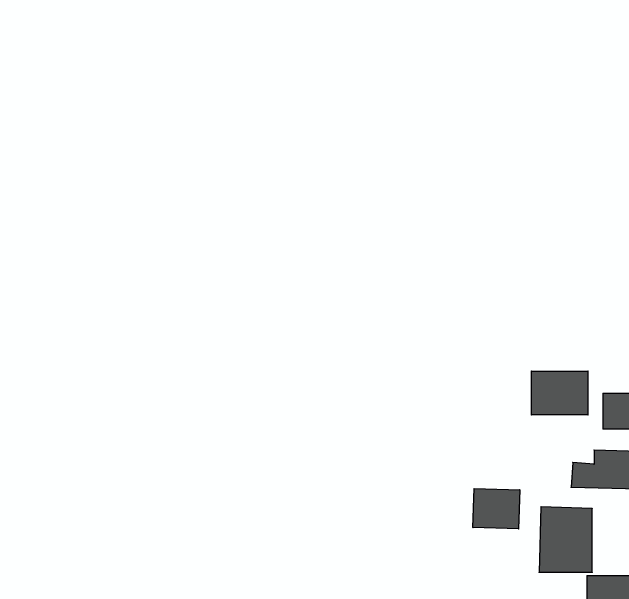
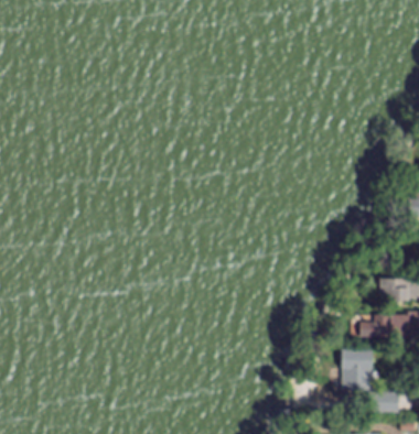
building: [531,371,588,415] -> none
building: [473,489,520,529] -> none

